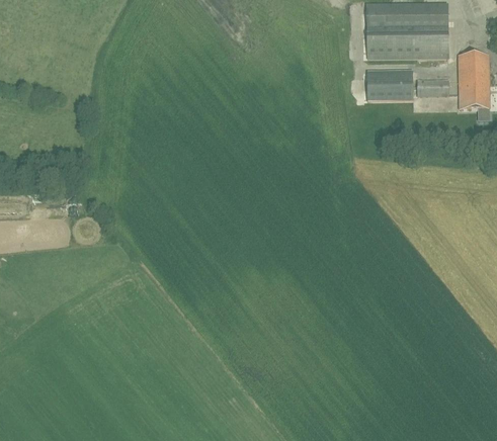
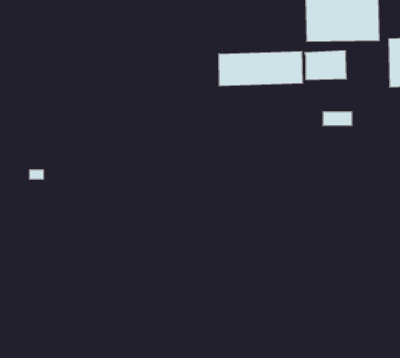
building: none -> [219,51,302,86]
building: [416,78,448,93] -> [323,112,352,126]

